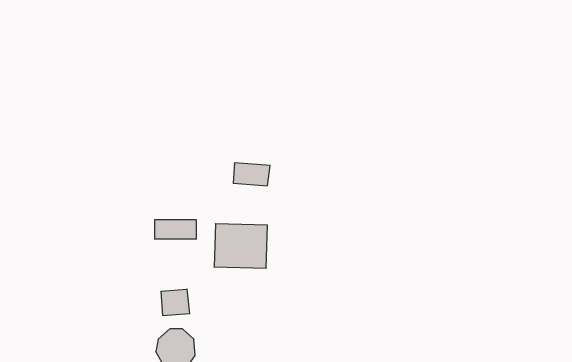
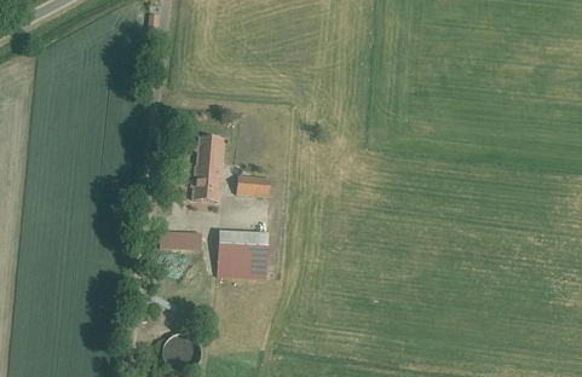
building: none -> [190,139,224,203]
building: [161,289,190,316] -> none

